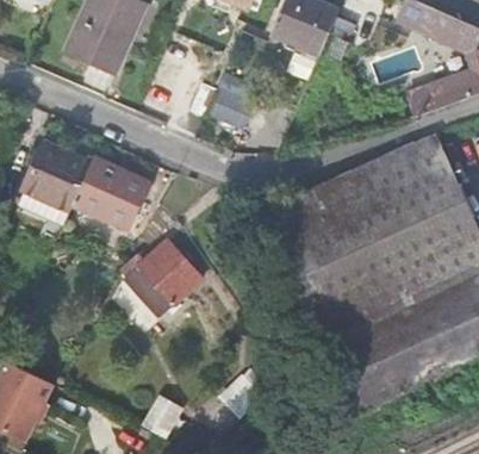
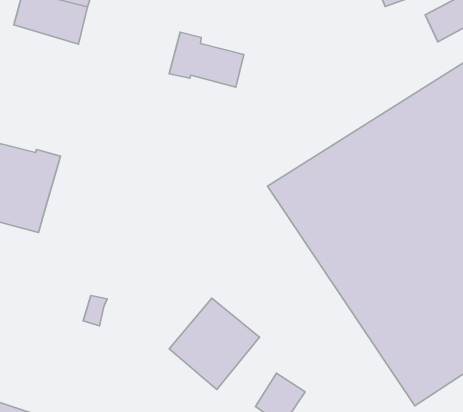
building: [73,156,150,226] -> none
building: [127,237,204,313] -> [169,298,259,389]

